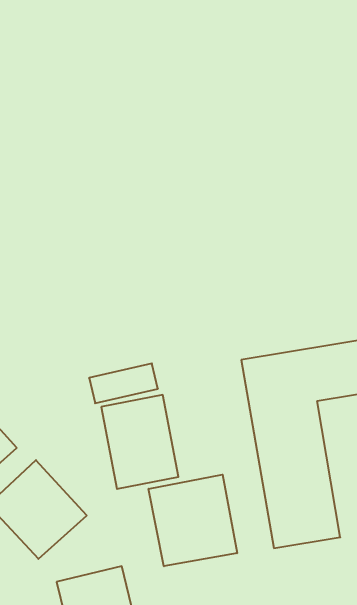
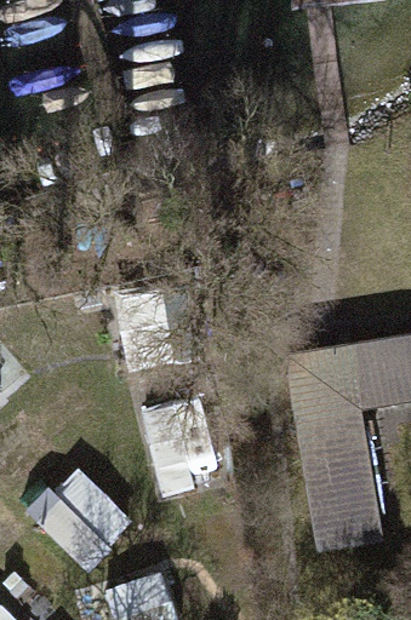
building: [149,475,237,566] -> none

